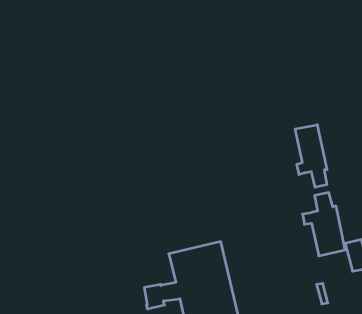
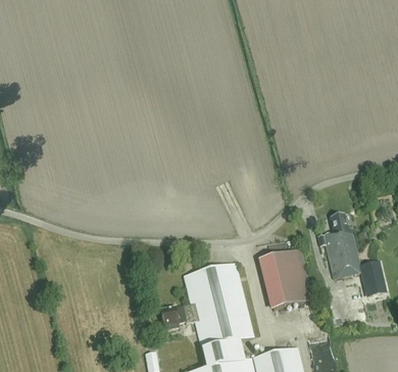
building: [295,125,327,187] -> none
building: none -> [257,248,312,309]

